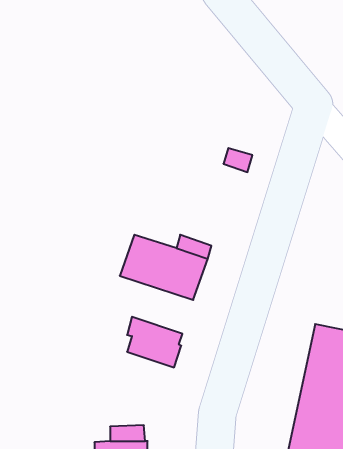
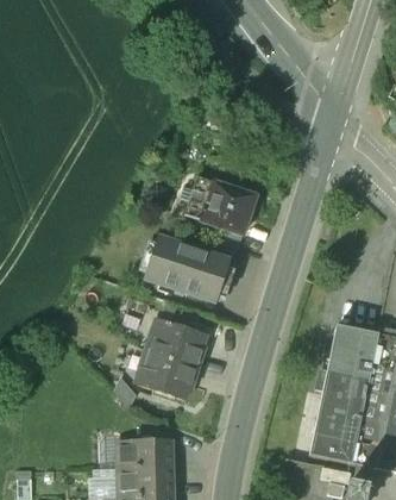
building: none -> [184,176,256,233]
building: none -> [134,352,197,399]

